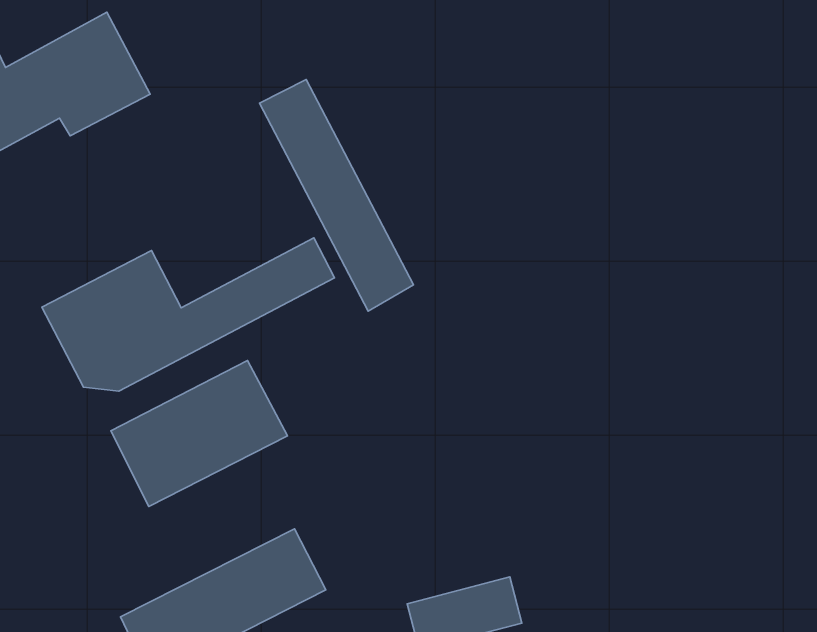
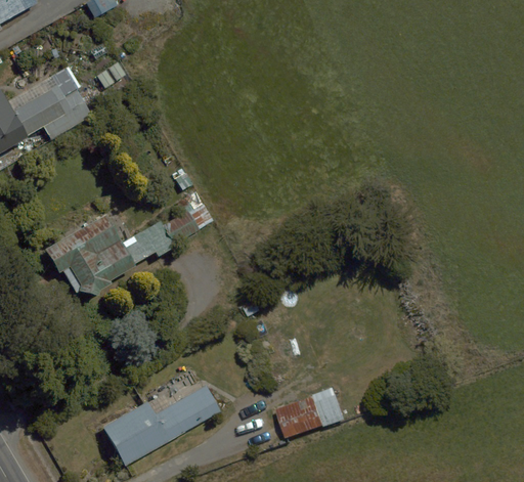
building: [260,79,414,311] -> none
building: [111,361,288,506] -> none

